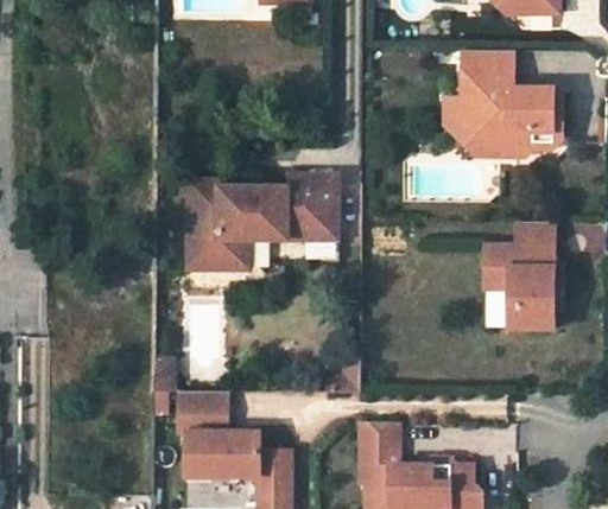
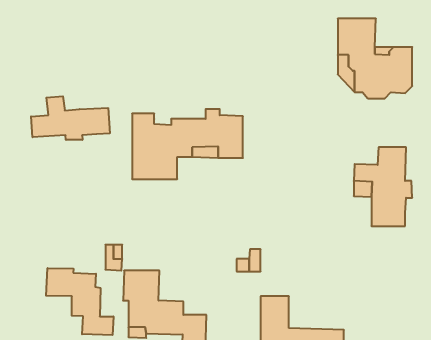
building: none -> [31,96,110,140]
building: none -> [46,268,113,335]

